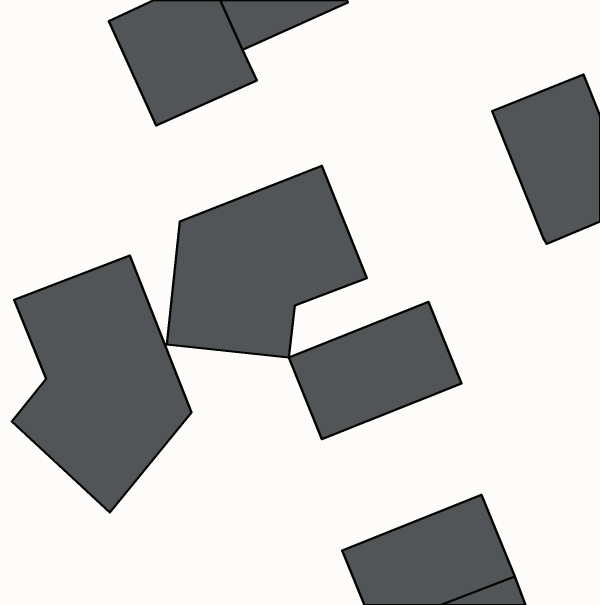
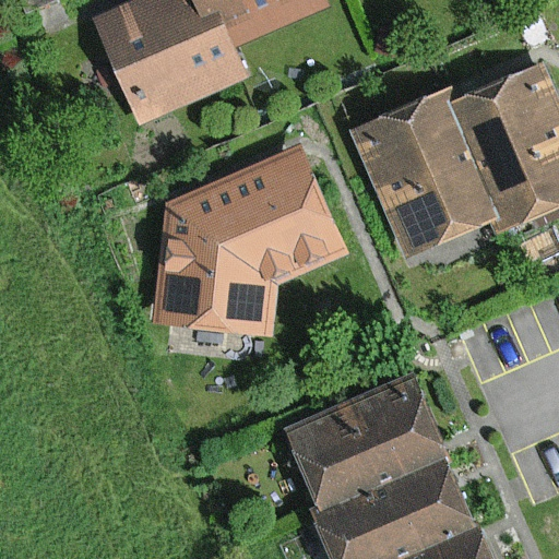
building: none -> [353,88,501,259]
building: [12,255,191,512] -> none
building: [289,302,462,439] -> [285,381,444,508]

